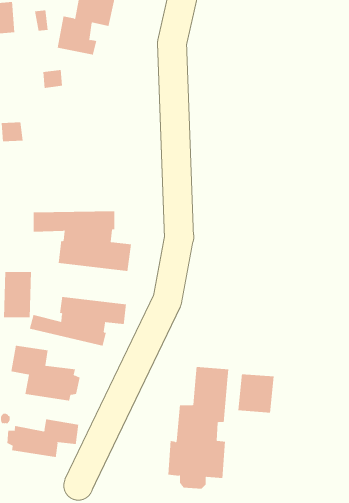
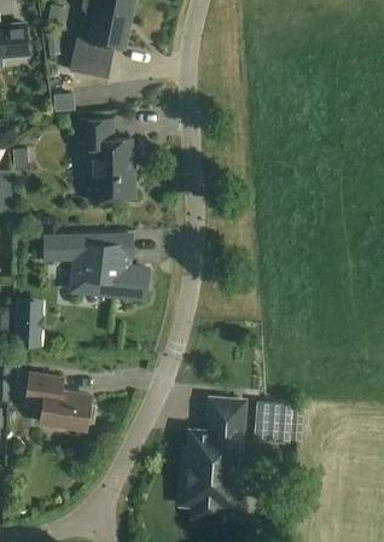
building: none -> [77,120,135,199]
building: [29,296,126,346] -> none
building: [7,419,79,458] -> none

